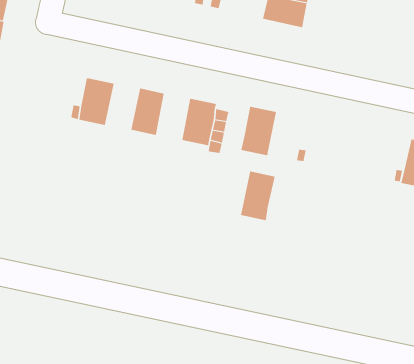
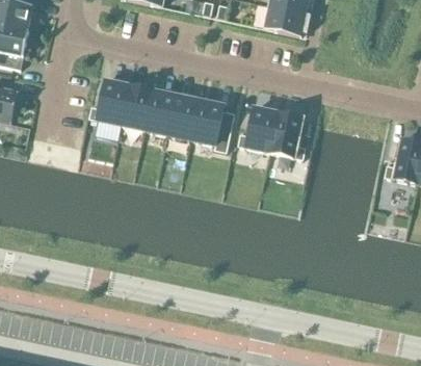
building: none -> [121,86,152,129]
building: none -> [167,96,198,138]
building: [240,171,275,221] -> [269,112,301,158]

